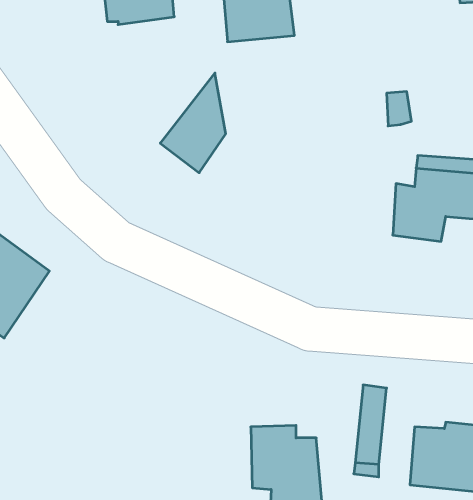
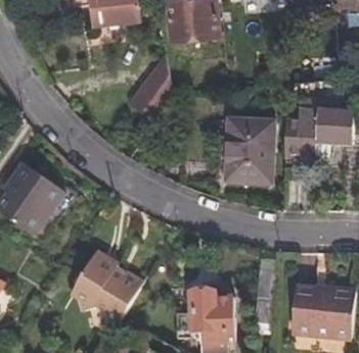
building: none -> [223,109,271,174]
building: none -> [73,248,143,321]

